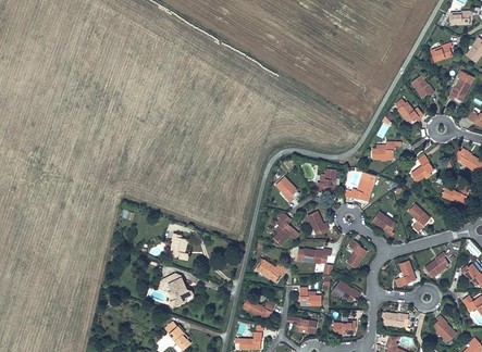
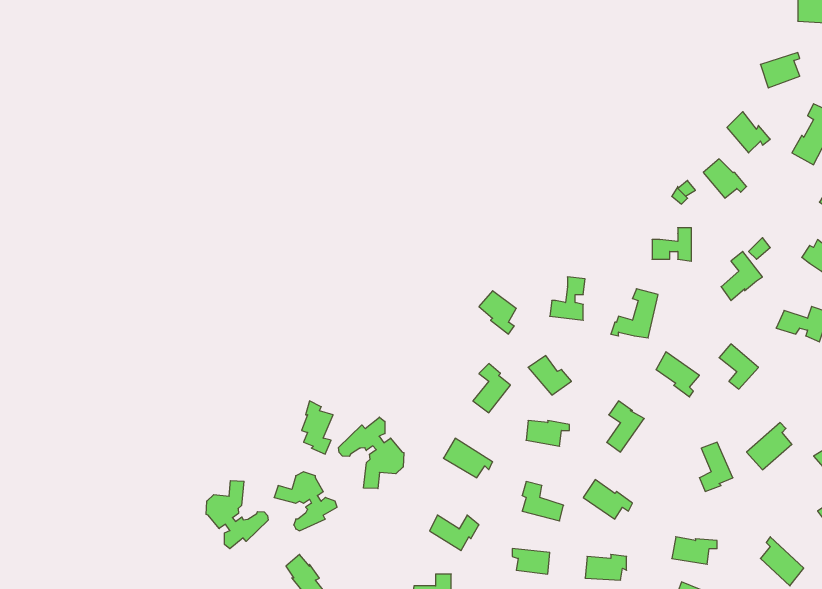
building: none -> [339,417,404,489]
building: none -> [206,481,268,549]

